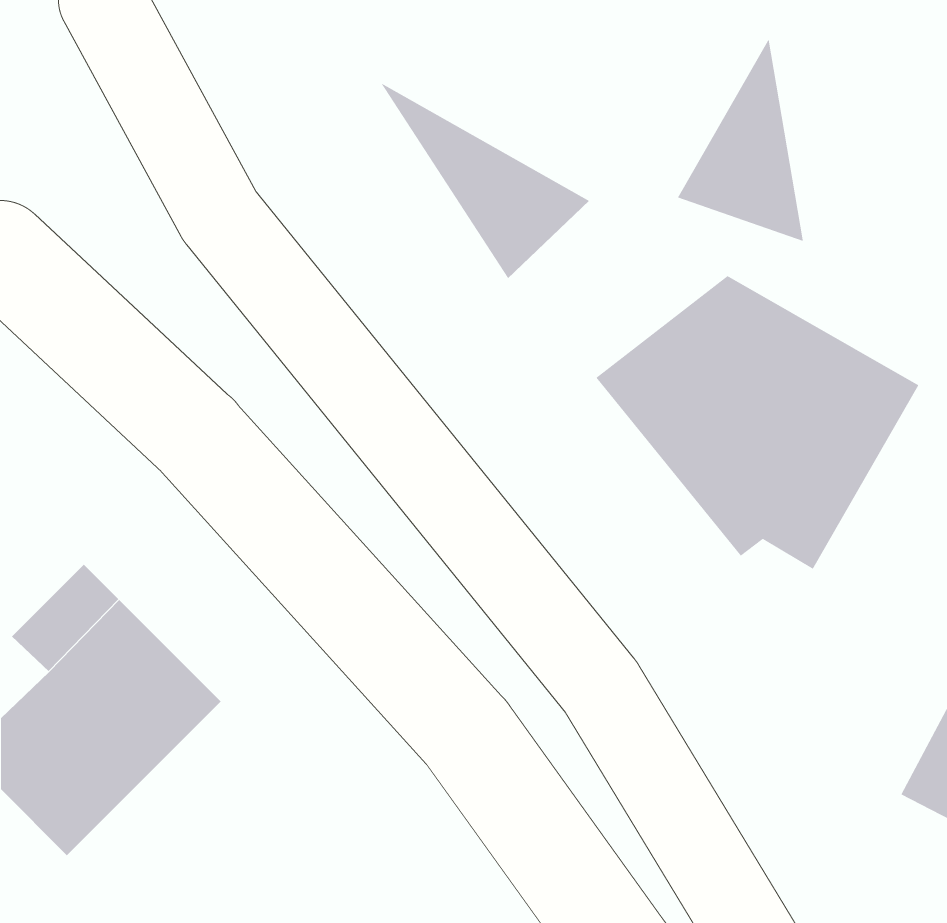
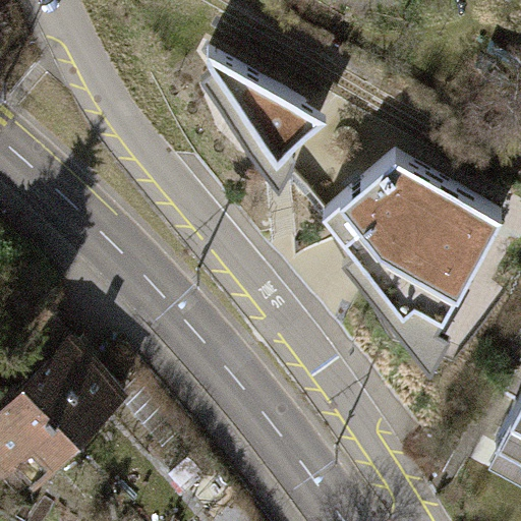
building: [677,38,803,242] -> none

